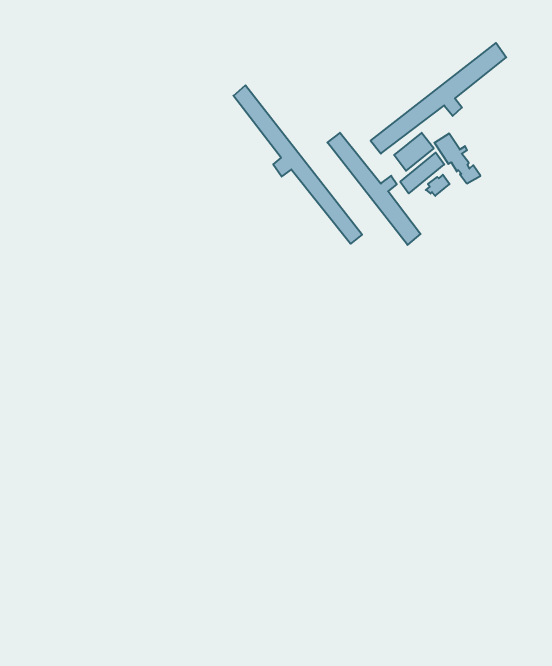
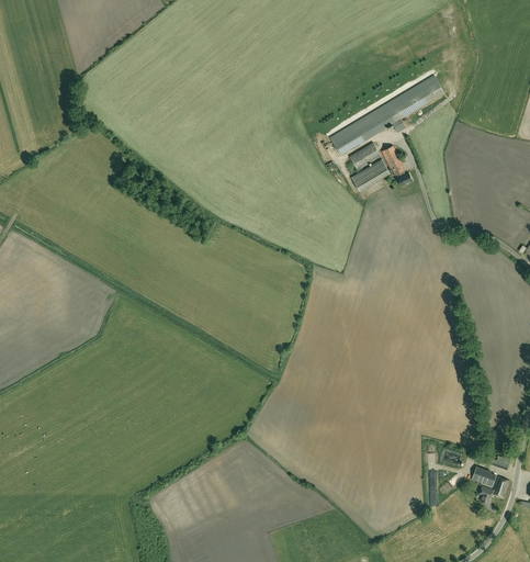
building: [233,85,362,244] -> none
building: [327,133,421,245] -> none

